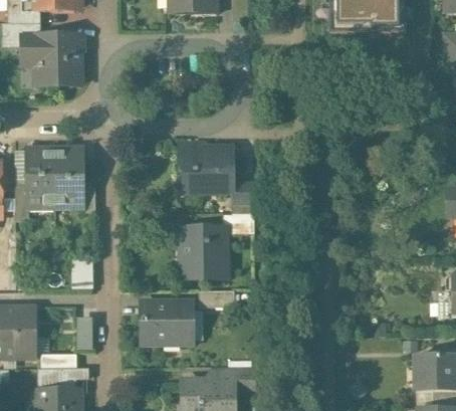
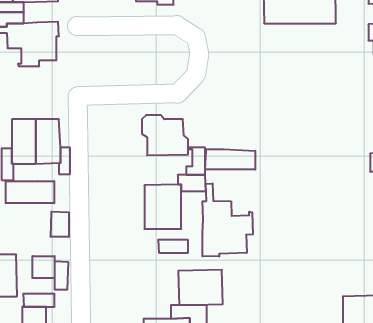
building: none -> [205,149,255,170]
building: none -> [6,181,54,203]
building: none -> [202,183,253,257]
building: [142,301,194,343] -> [178,270,223,305]
building: none -> [32,256,55,278]

